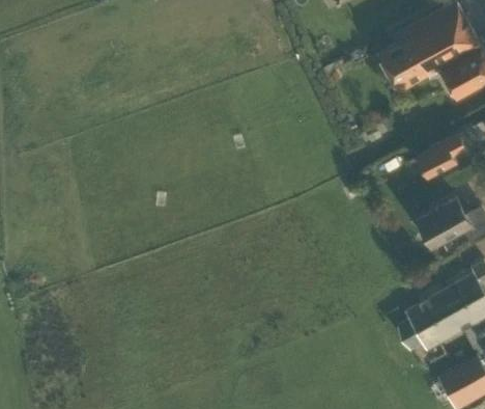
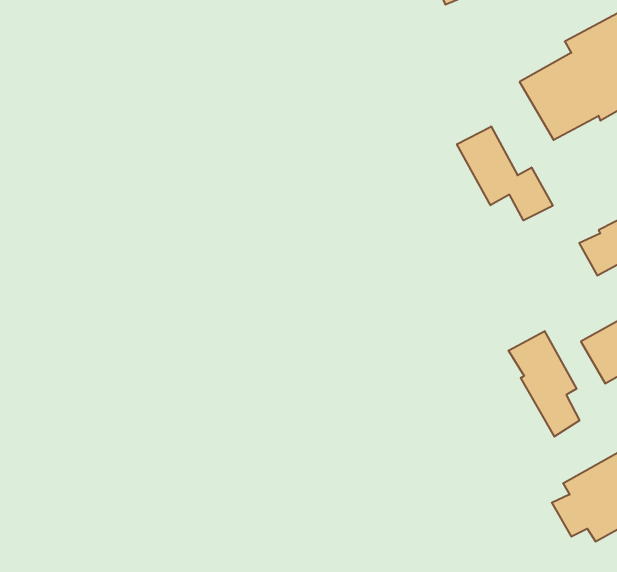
building: none -> [457,126,553,220]
building: none -> [509,331,579,437]

